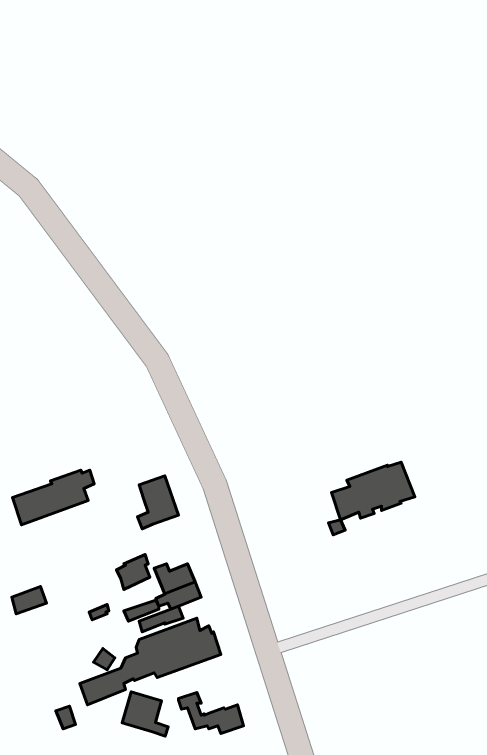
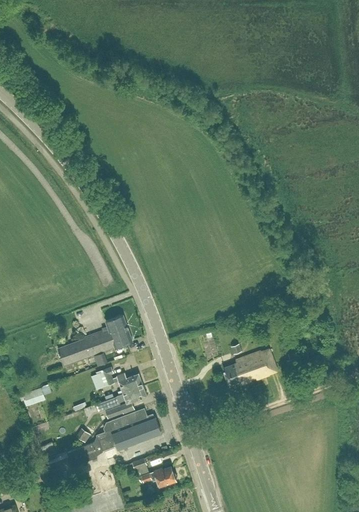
building: [332,462,415,520] -> [224,348,279,386]
building: [12,470,94,525] -> [58,330,112,366]
building: [122,692,168,736] -> none

